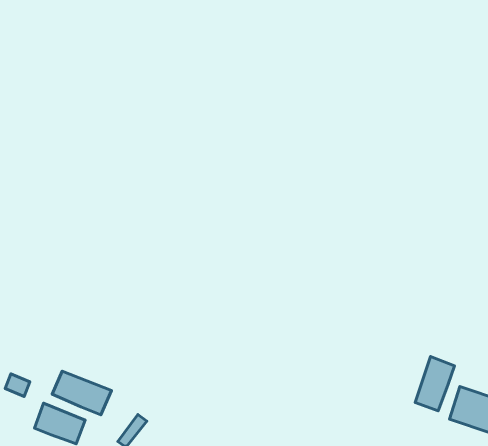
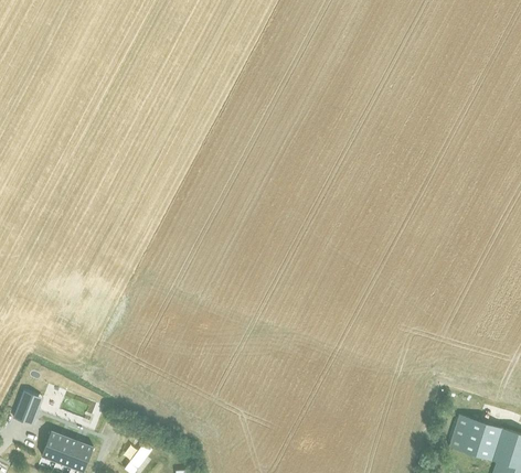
building: [415,357,455,411] -> none
building: [52,371,112,415] -> none

